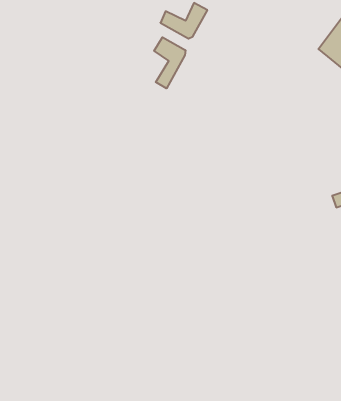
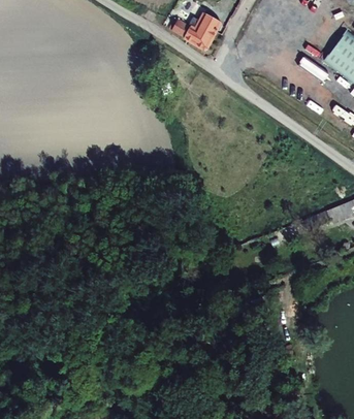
building: [154,37,185,88] -> none

